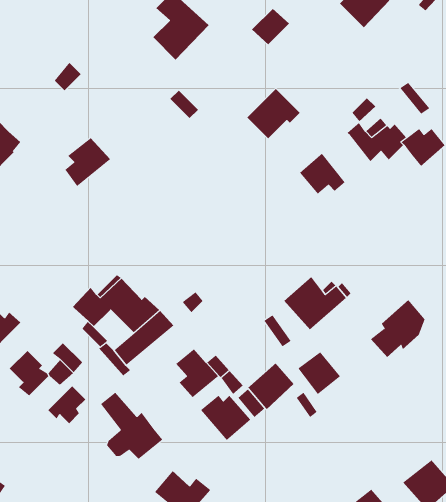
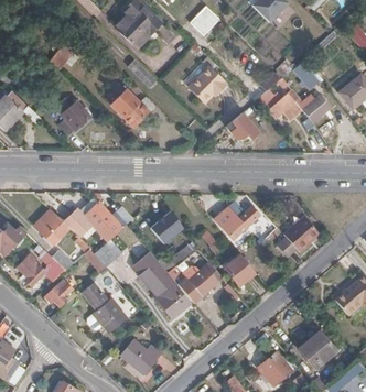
building: none -> [109,89,148,127]
building: none -> [33,209,64,240]
building: none -> [152,213,185,244]

